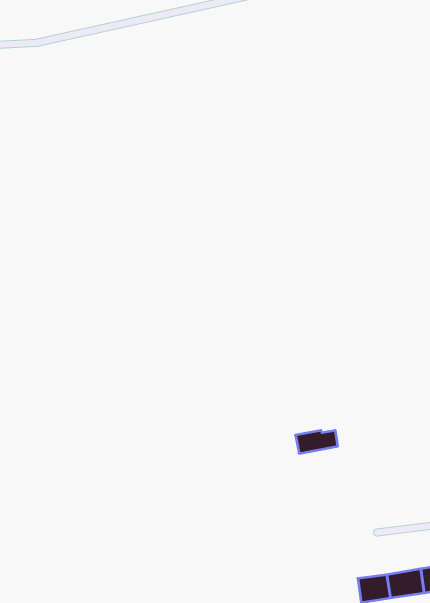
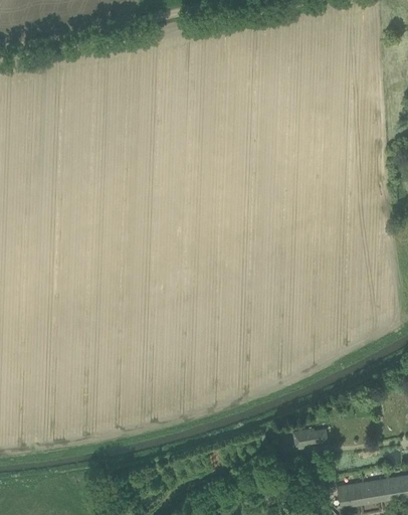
building: [295,430,338,453] -> [292,427,328,447]

